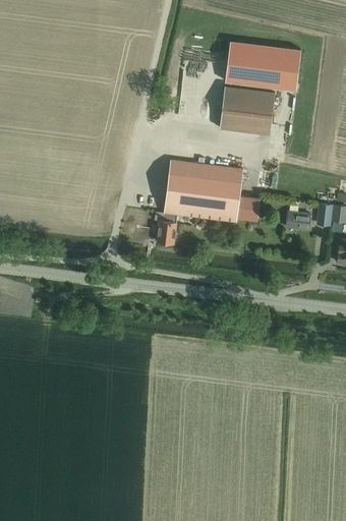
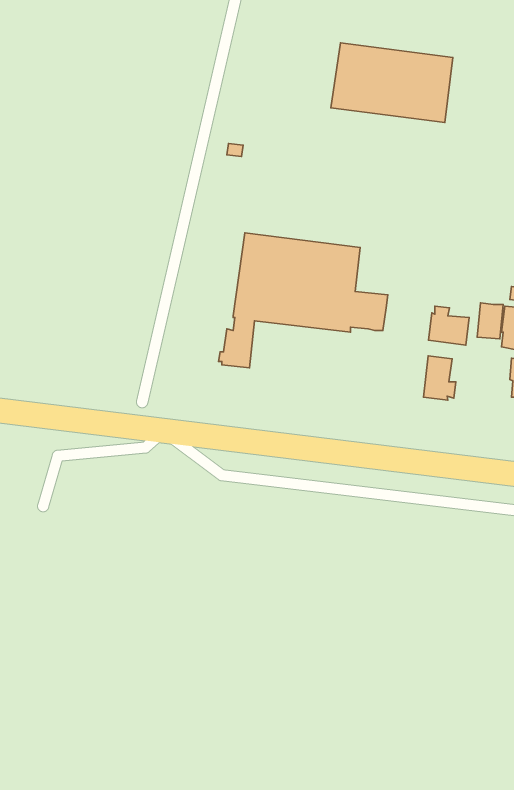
building: [220,85,276,134] -> none
building: none -> [424,356,456,400]

